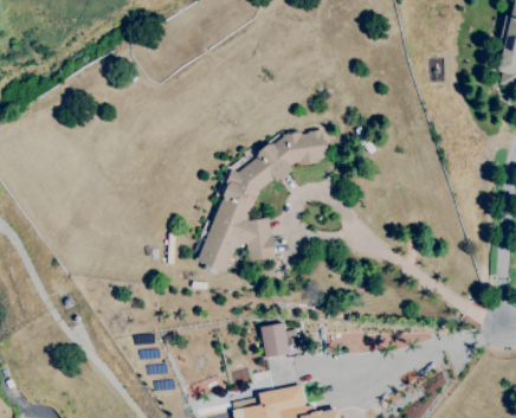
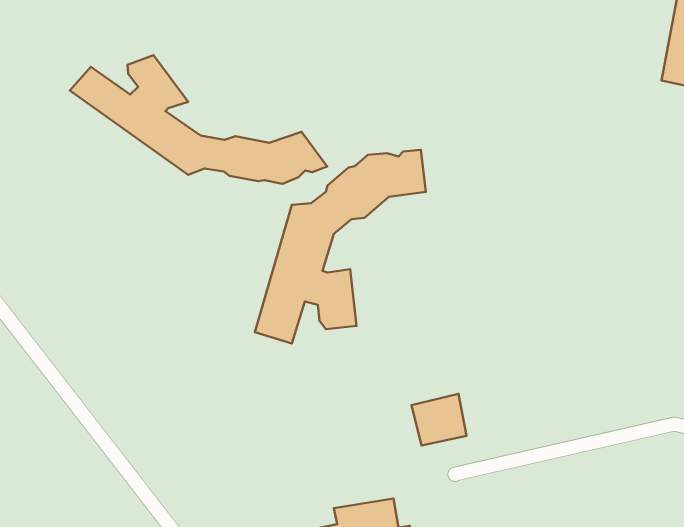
building: none -> [70,55,327,184]
building: [259,320,299,358] -> [412,394,467,446]

